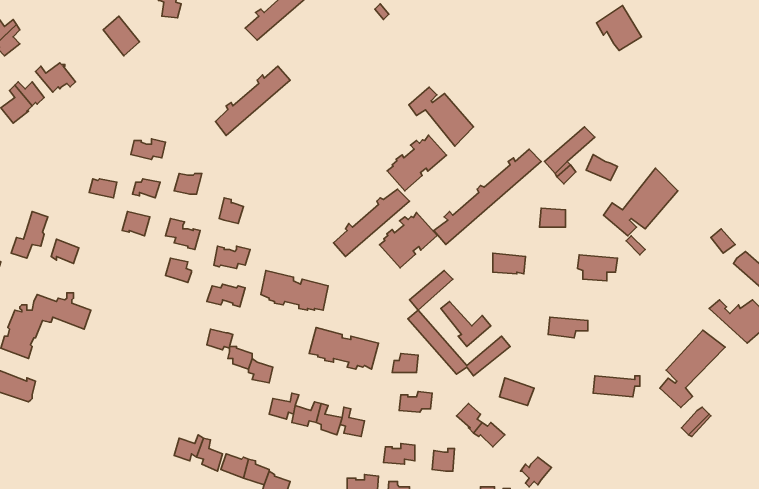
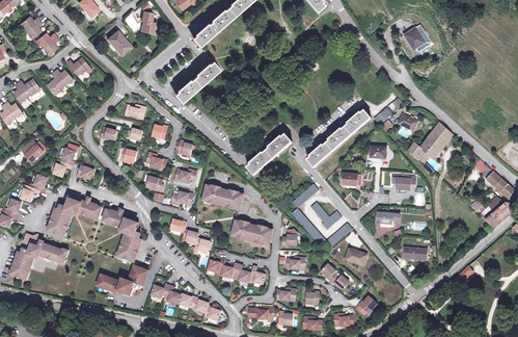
building: [409,87,474,146] -> none
building: [387,135,446,191] -> none
building: [379,212,437,268] -> none
building: none -> [102,208,141,261]
building: [660,330,725,407] -> none
building: none -> [97,265,146,294]

